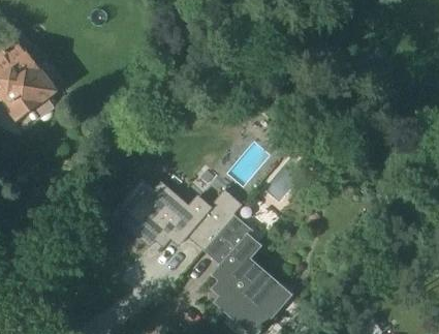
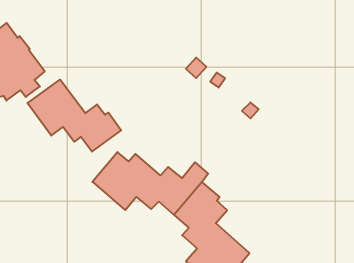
building: none -> [27,80,121,152]

